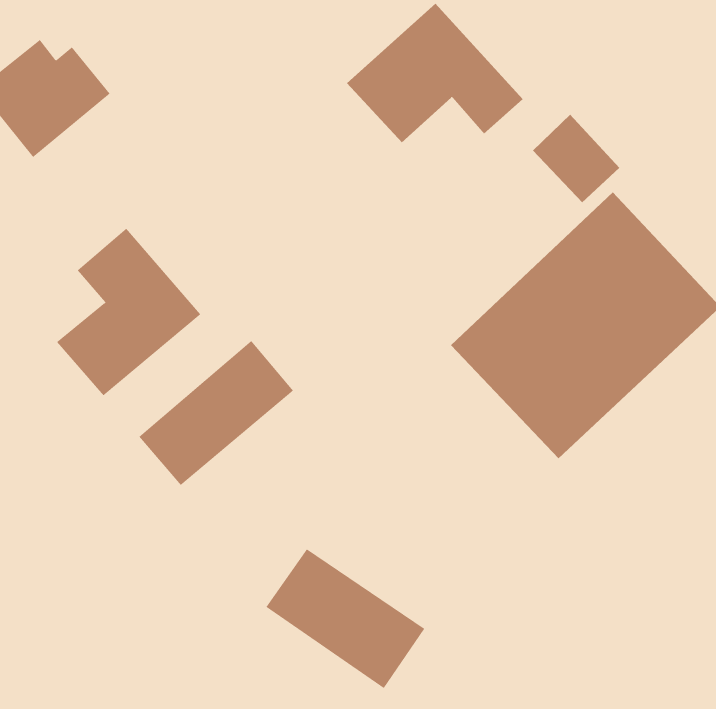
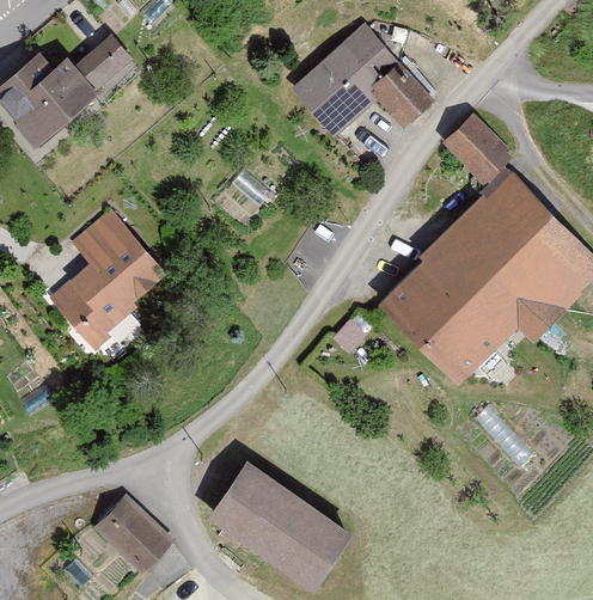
building: none -> [74,33,132,90]
building: [138,340,294,486] -> none
building: none -> [90,504,165,578]

